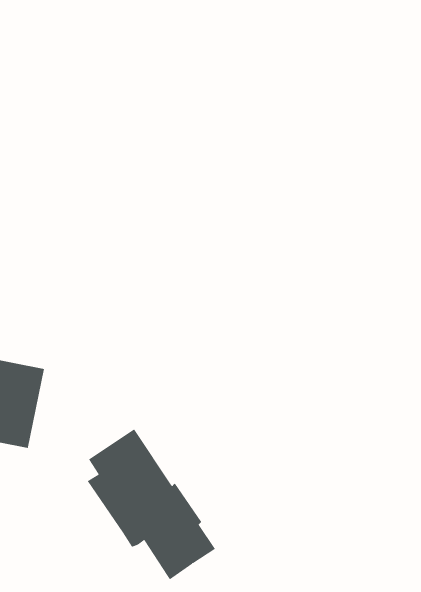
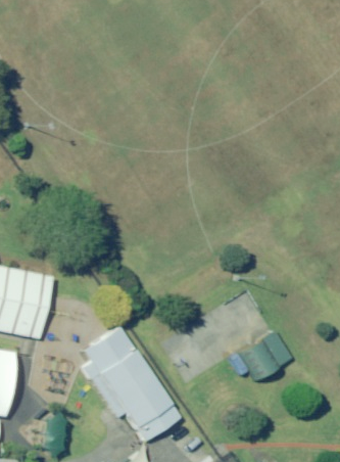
building: none -> [238,329,291,379]

